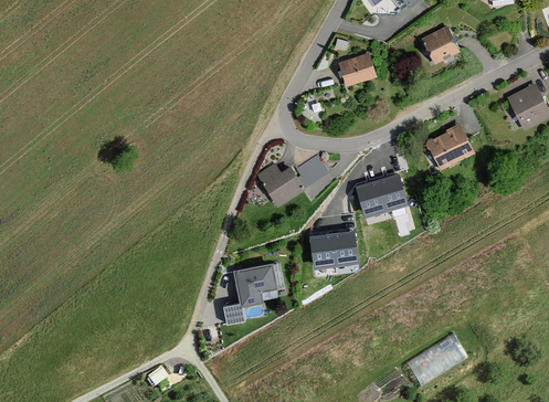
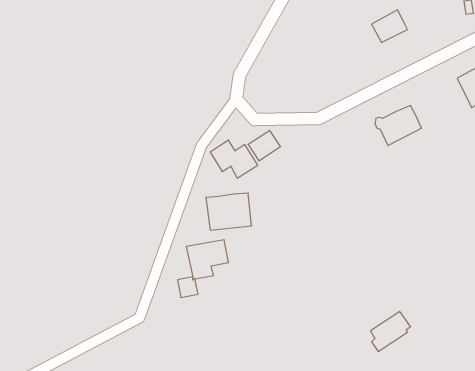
building: [339,53,376,85] -> none
building: [356,173,408,216] -> none
building: [310,231,357,268] -> [206,193,252,230]

